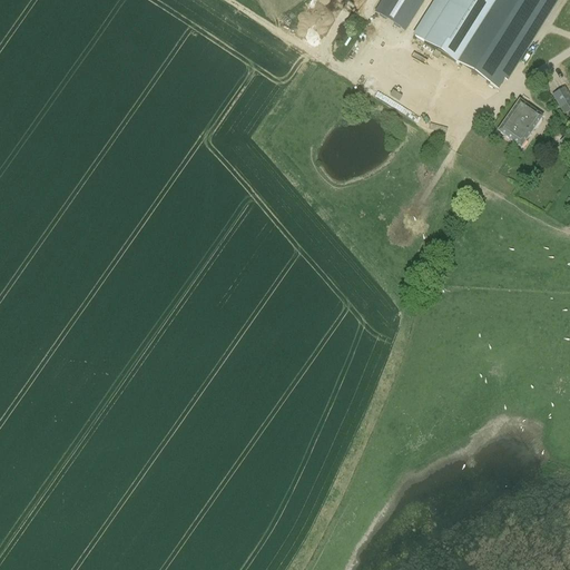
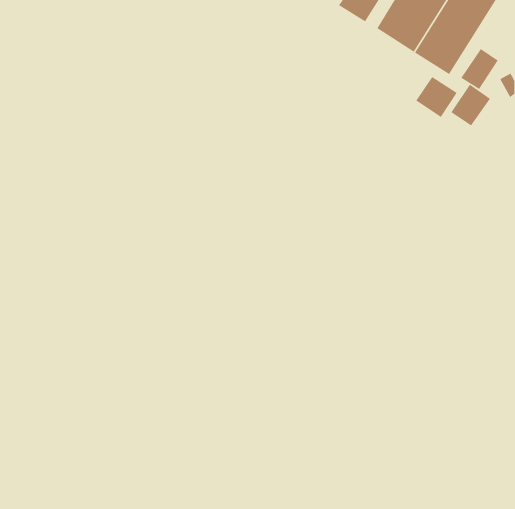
building: none -> [461,48,499,90]
building: none -> [415,76,458,118]

